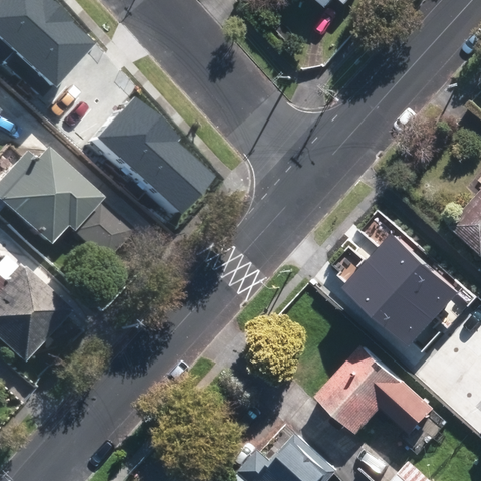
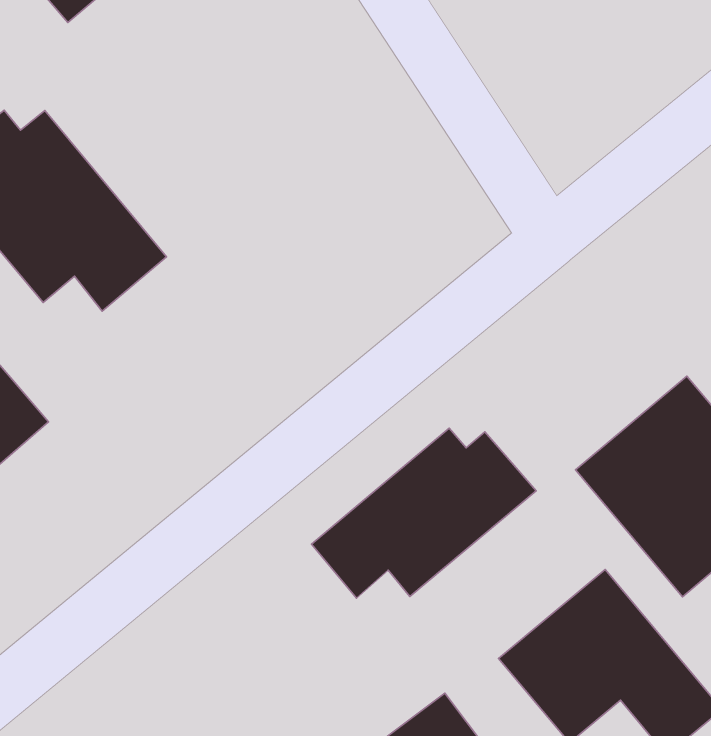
building: [97,96,215,215] -> none
building: none -> [311,428,536,598]

